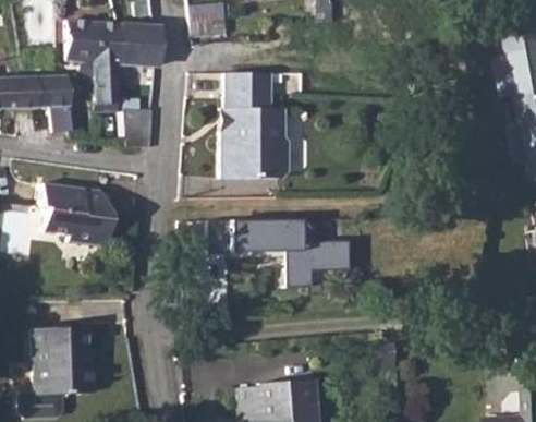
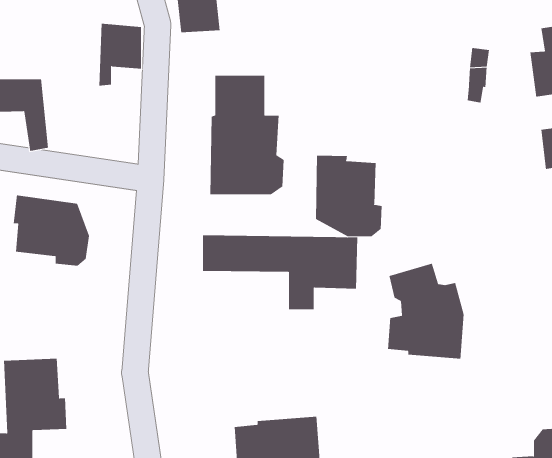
building: [68,21,120,110] -> none
building: [124,108,154,148] -> none
building: none -> [316,155,382,237]
building: none -> [388,263,464,360]

